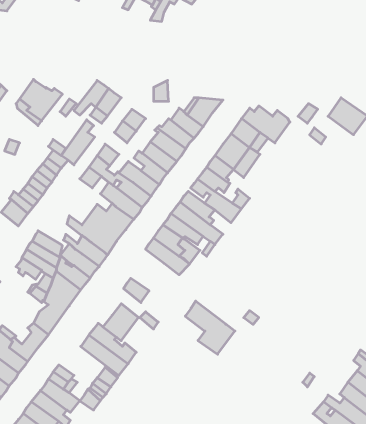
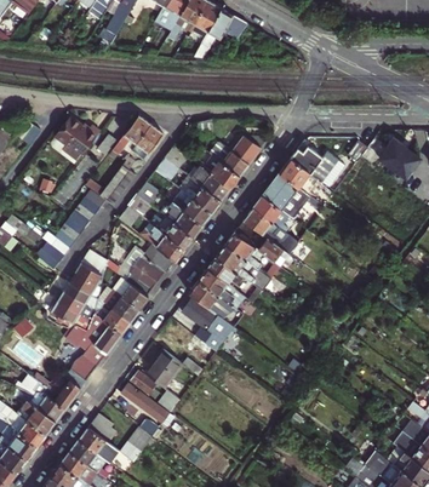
building: none -> [75,248,108,290]
building: [185,301,235,354] -> [181,296,233,351]

